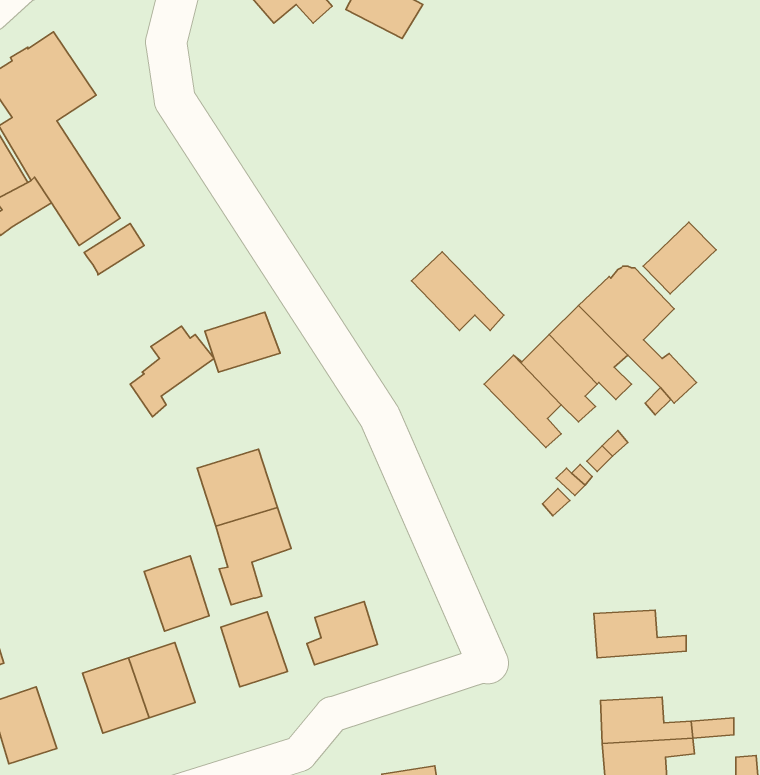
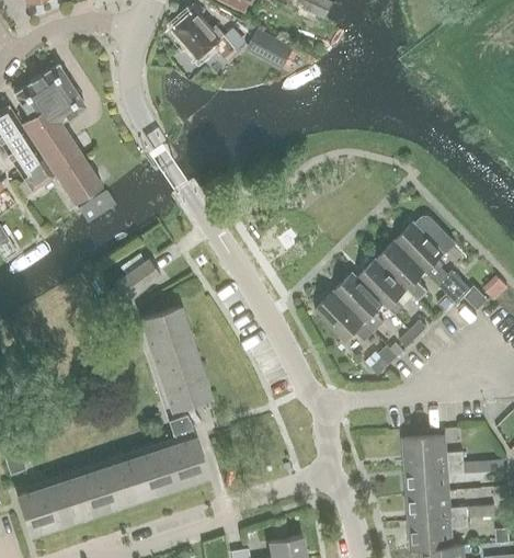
building: [643,222,716,294] -> none
building: [411,252,504,331] -> [315,291,374,341]
building: [205,312,280,372] -> [141,306,190,344]
building: [144,556,209,631] -> [136,446,178,494]
building: [307,601,377,665] -> none
building: none -> [407,462,465,493]
building: none -> [47,476,90,524]

